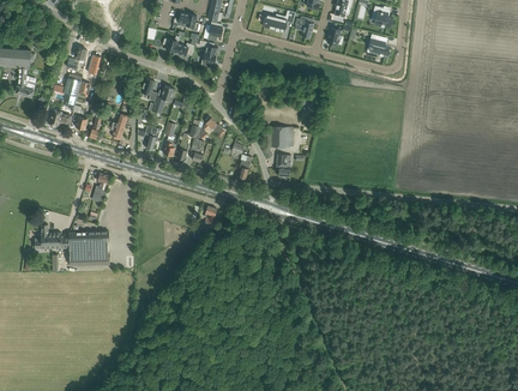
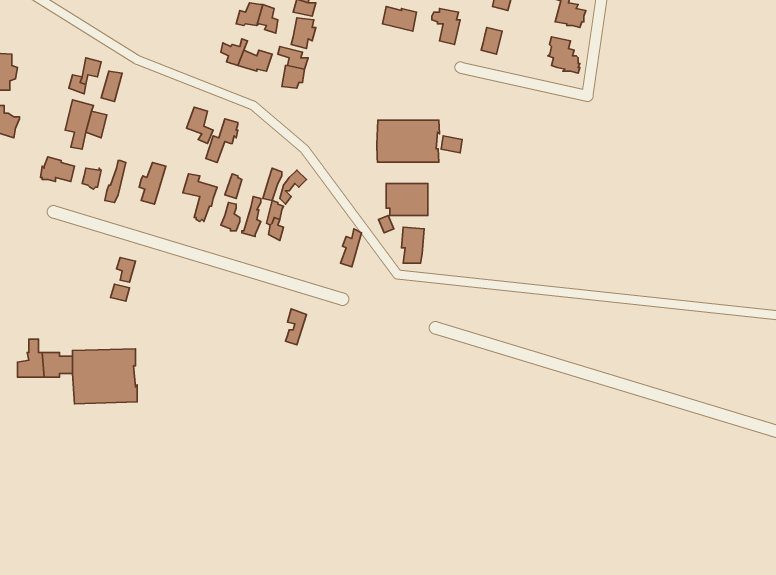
building: none -> [377,120,439,162]

